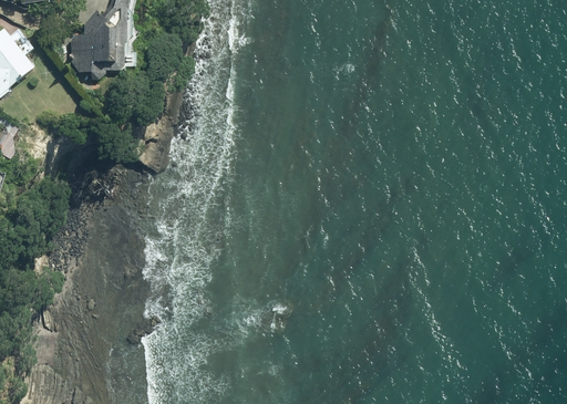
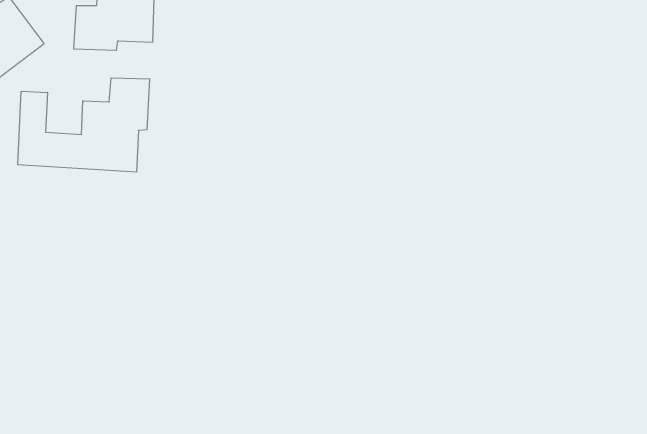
building: none -> [18,78,150,172]

